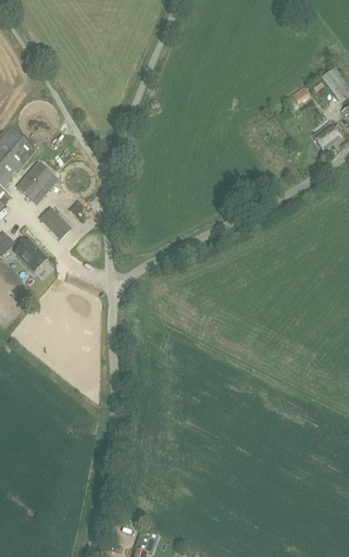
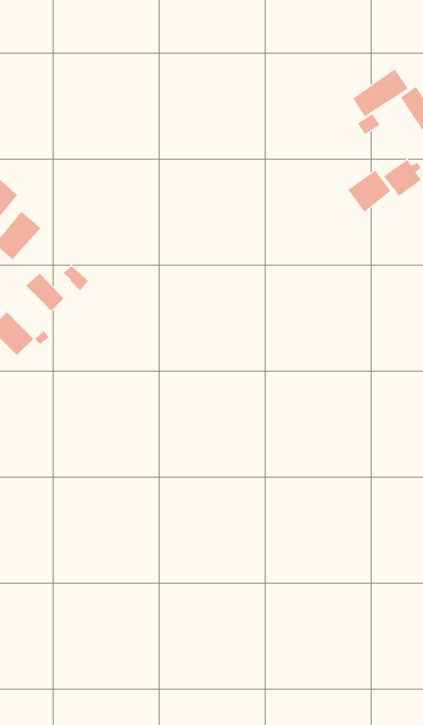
building: none -> [353,69,408,117]
building: none -> [347,170,391,213]

